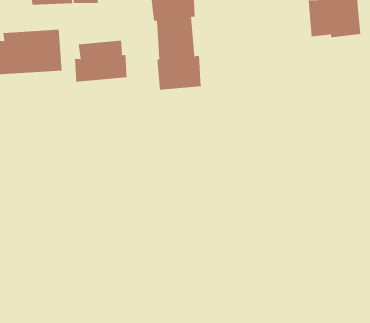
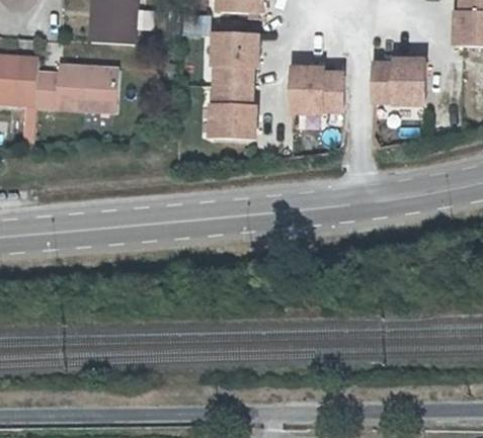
building: none -> [291,69,343,114]
building: [74,40,127,83] -> none

